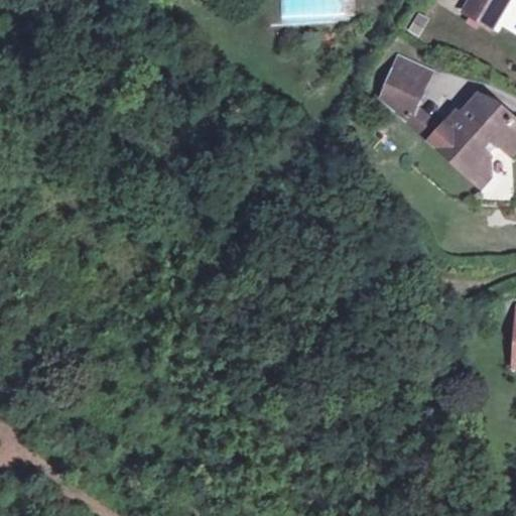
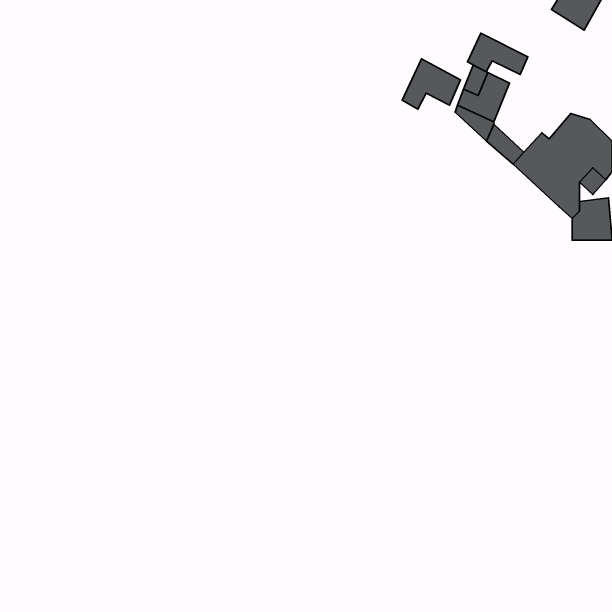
building: none -> [467,33,528,75]
building: none -> [402,59,461,109]

